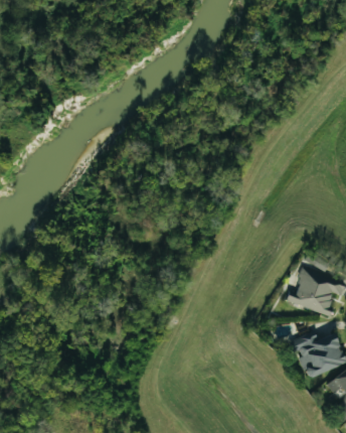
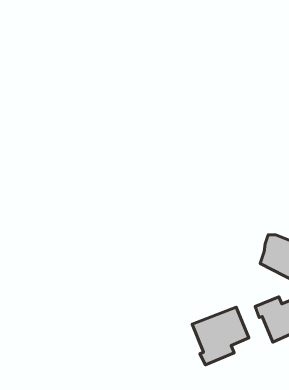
building: none -> [192,307,249,365]

